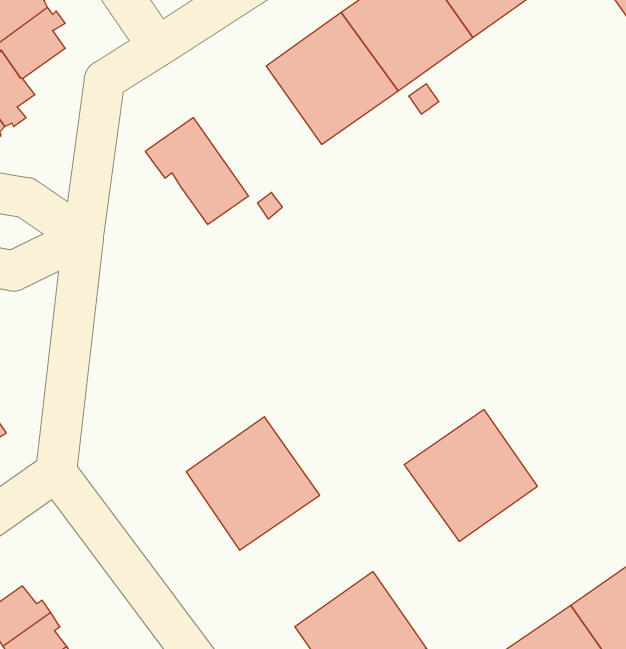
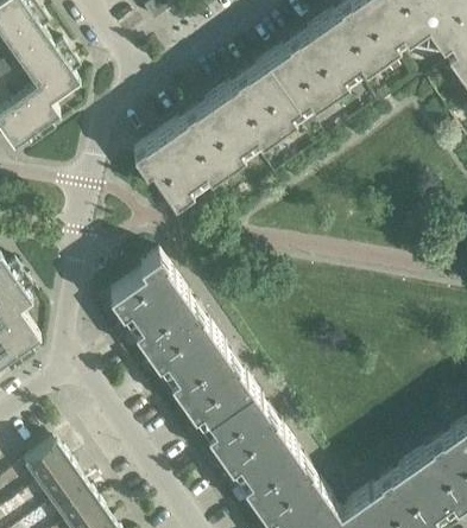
building: none -> [163,96,248,183]
building: none -> [107,253,210,367]
building: [404,410,537,541] -> [194,382,283,470]

